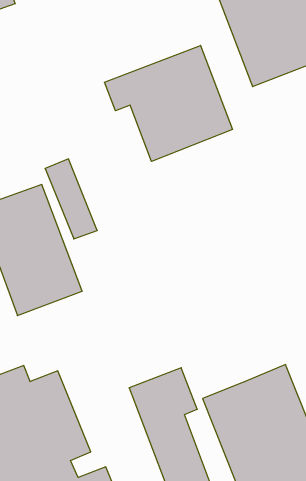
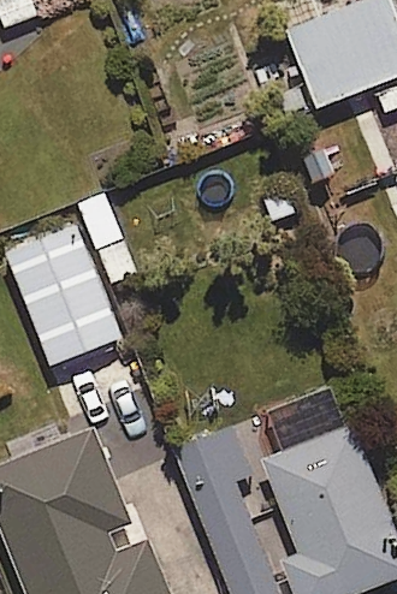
building: [105,45,232,161] -> none

